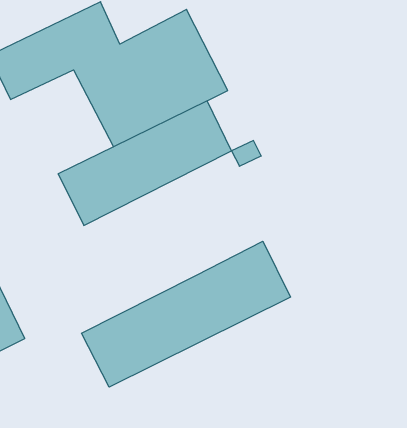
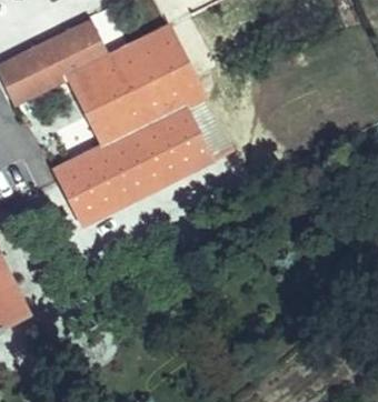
building: [82,241,291,387] -> none

